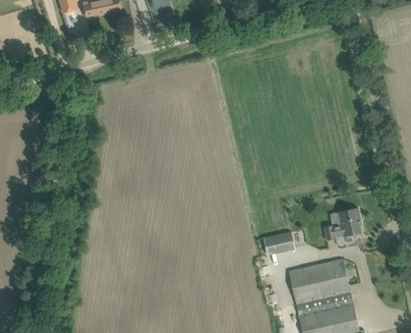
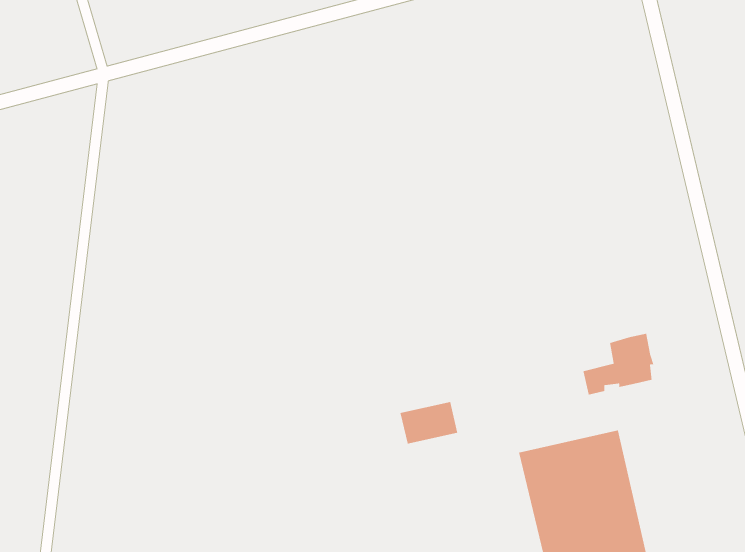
building: [262,232,294,256] -> [400,401,458,445]

